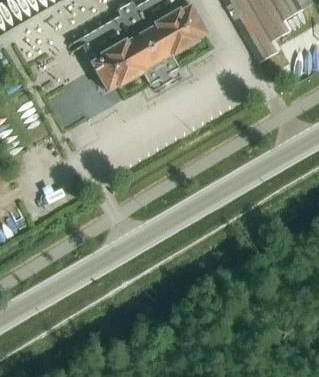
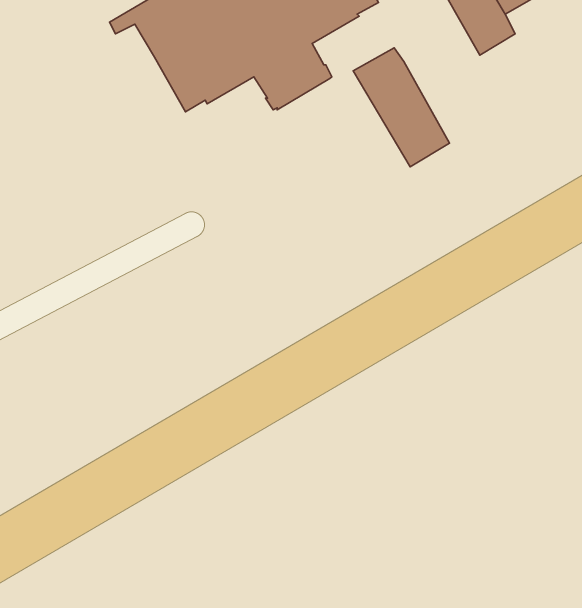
building: none -> [353,48,449,167]

